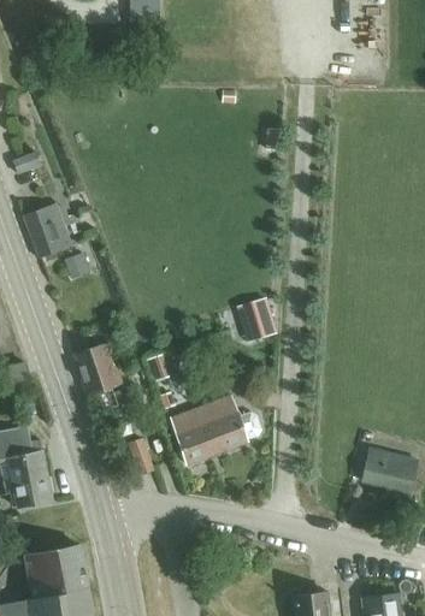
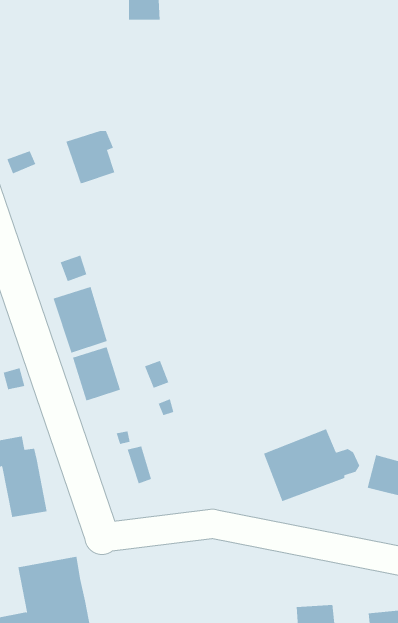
building: [22,205,70,257] -> [65,130,115,185]
building: none -> [53,286,108,353]
building: [237,296,277,340] -> none
building: [167,393,261,464] -> [263,429,360,502]

